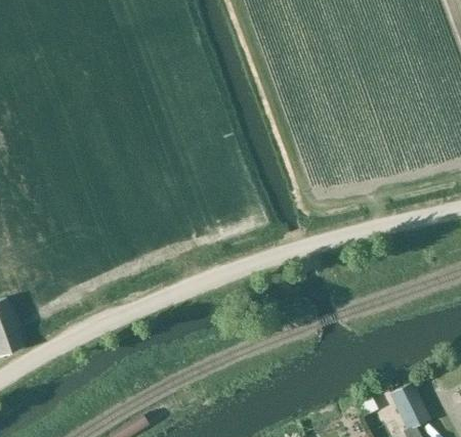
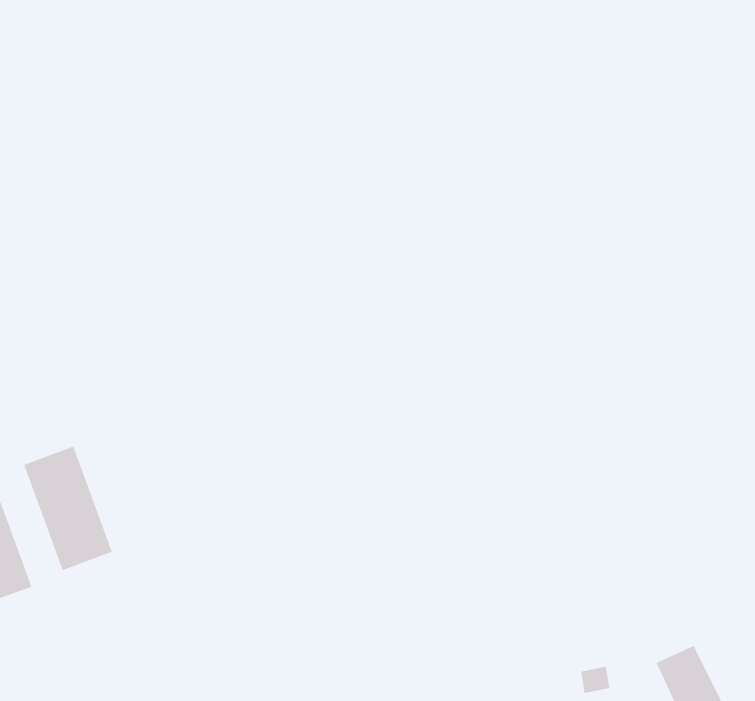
building: none -> [23,446,113,571]

